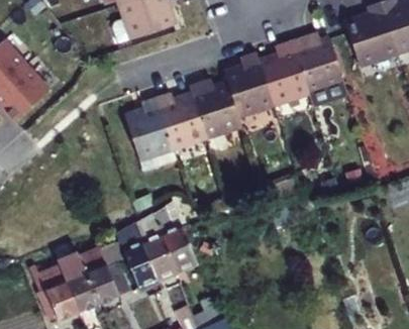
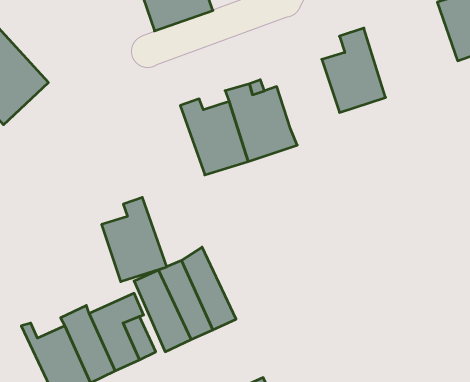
building: [288,38,339,96] -> none
building: [220,57,270,119] -> none
building: [121,102,170,164] -> [102,197,167,282]

